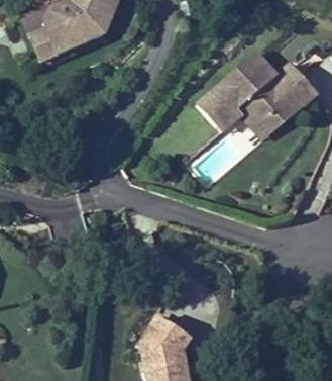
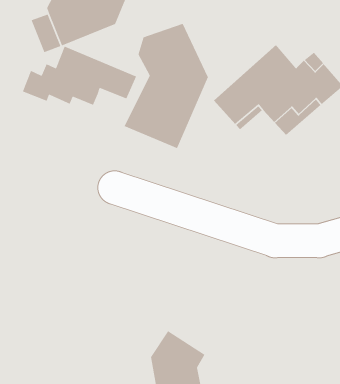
building: none -> [124,23,209,149]
building: none -> [22,45,137,106]

